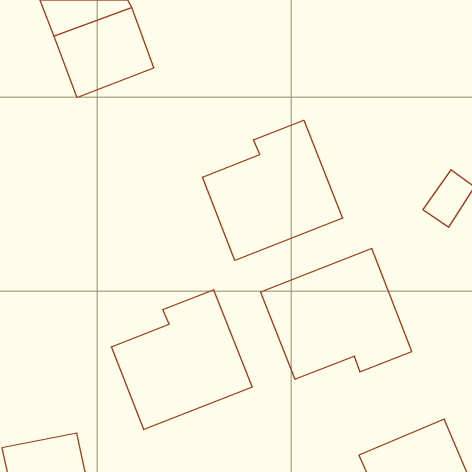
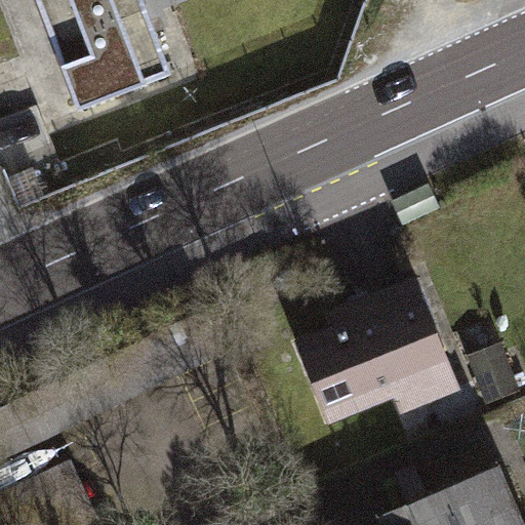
building: [202,120,343,260] -> none
building: [111,290,252,430] -> none

